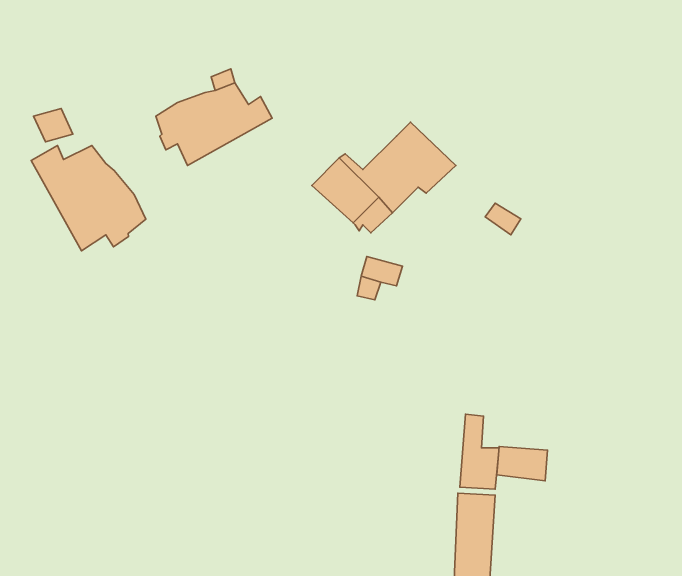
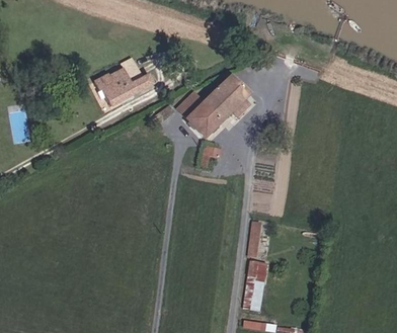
building: [31,145,146,251] -> none
building: [497,446,547,481] -> none

